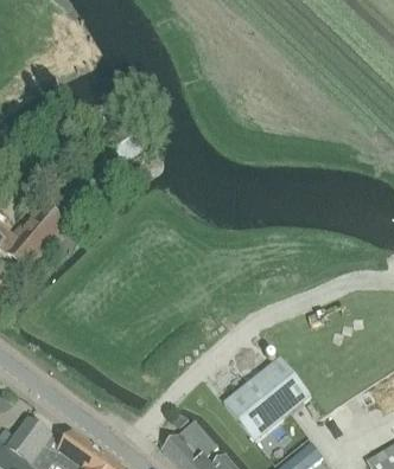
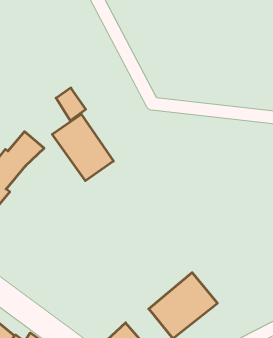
building: none -> [52,114,113,181]

